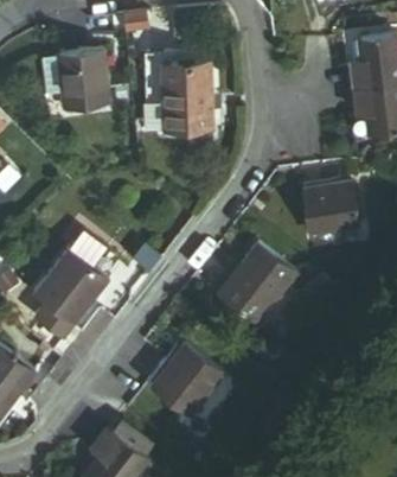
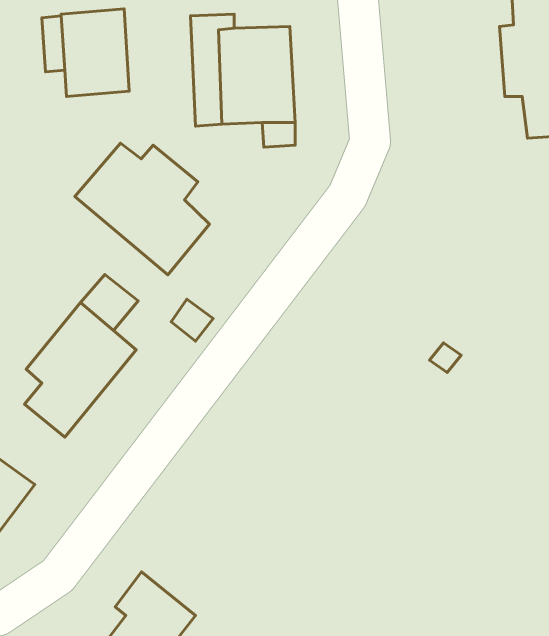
building: none -> [75,143,210,275]
building: [307,189,370,252] -> none
building: [218,241,296,322] -> none
building: [156,345,225,418] -> none

